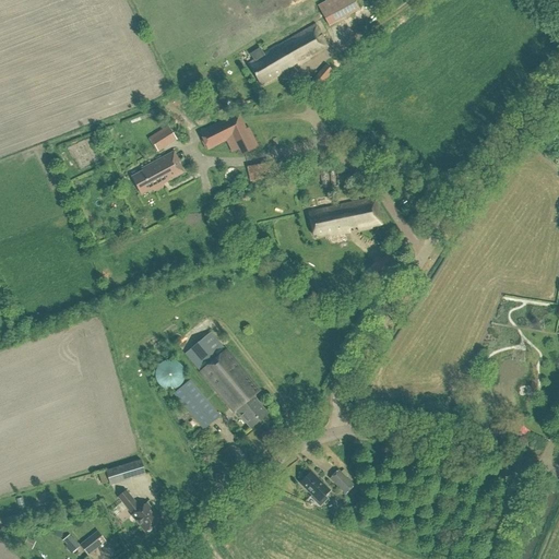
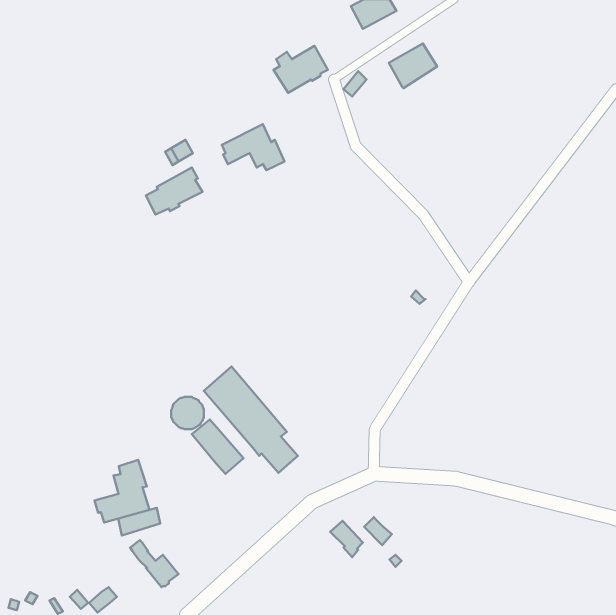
building: [285,24,329,64] -> [389,44,437,88]
building: [308,200,381,236] -> none
building: none -> [95,460,149,522]

